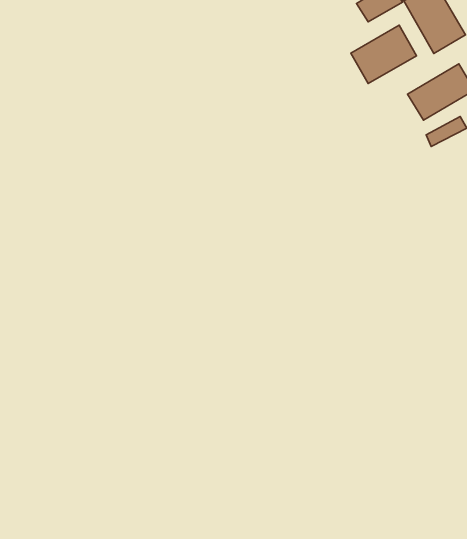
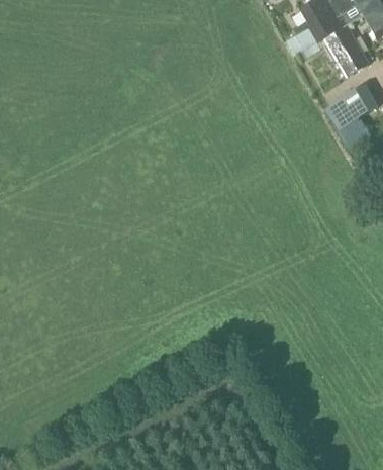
building: [351,25,416,84] -> none

